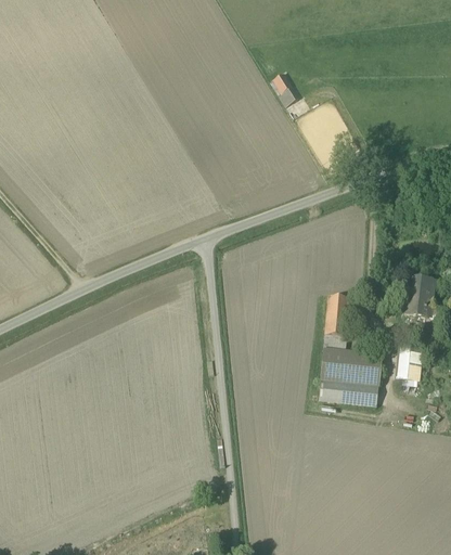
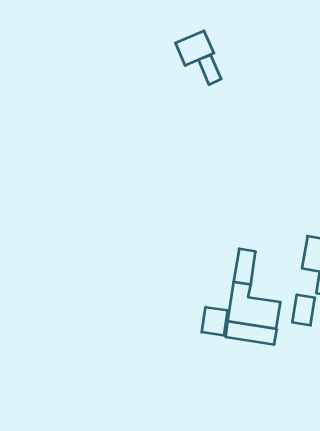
building: none -> [175,31,214,66]
building: none -> [202,307,228,335]

